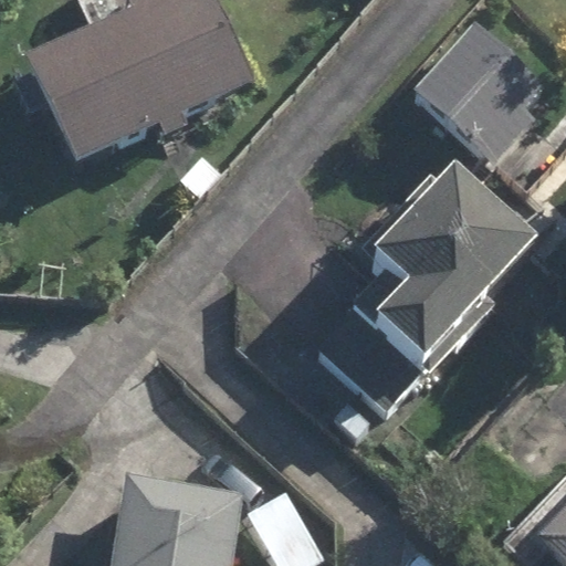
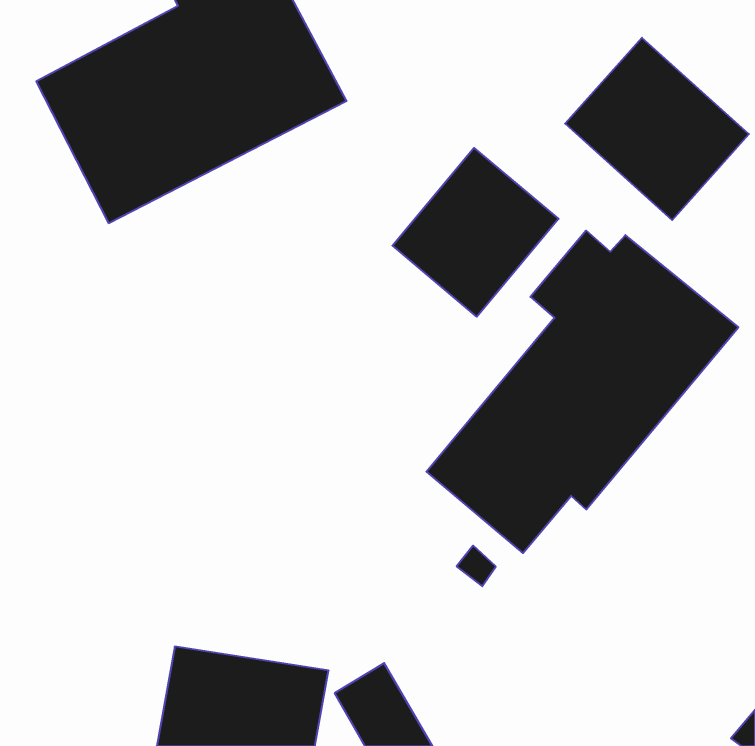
building: none -> [392,148,559,317]

